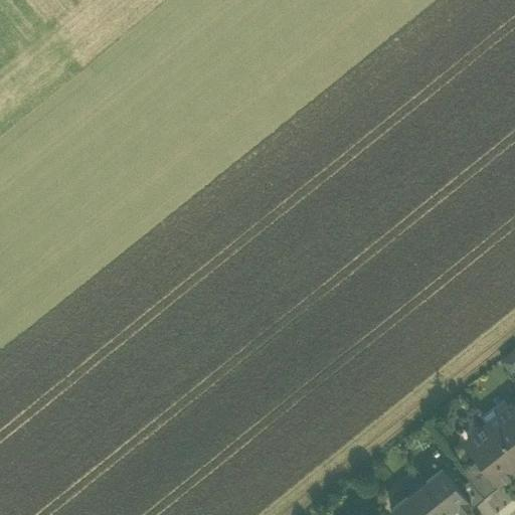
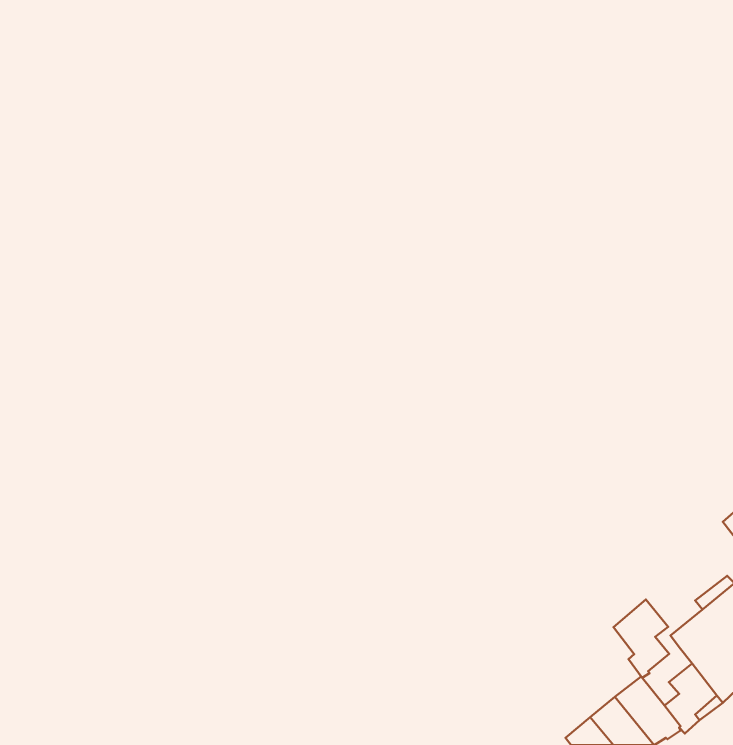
building: none -> [614,599,669,678]

